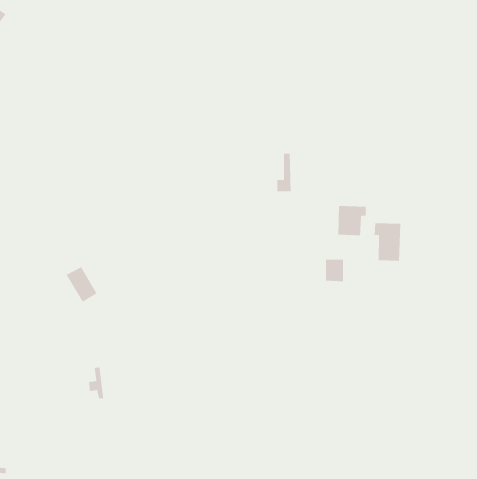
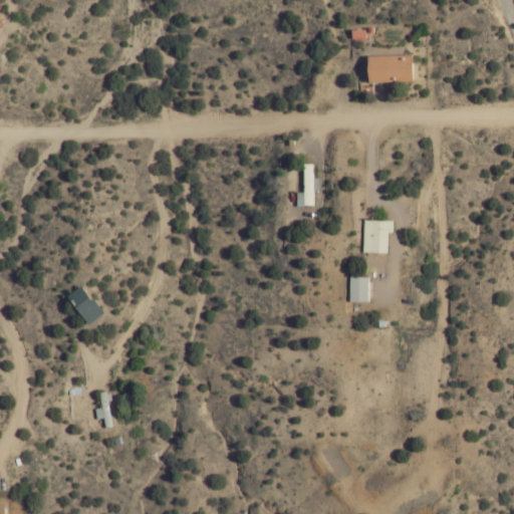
building: none -> [373,54,421,81]
building: [374,222,401,261] -> none

